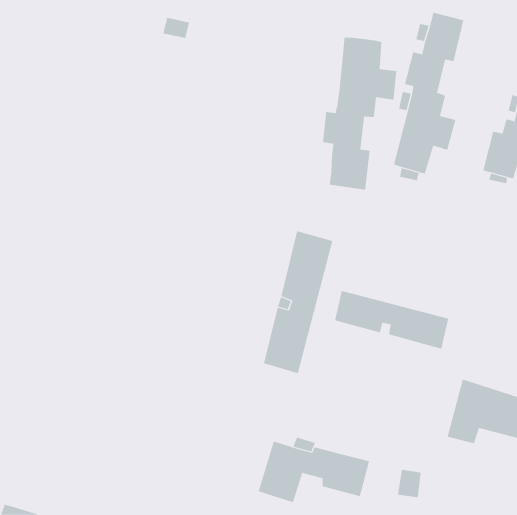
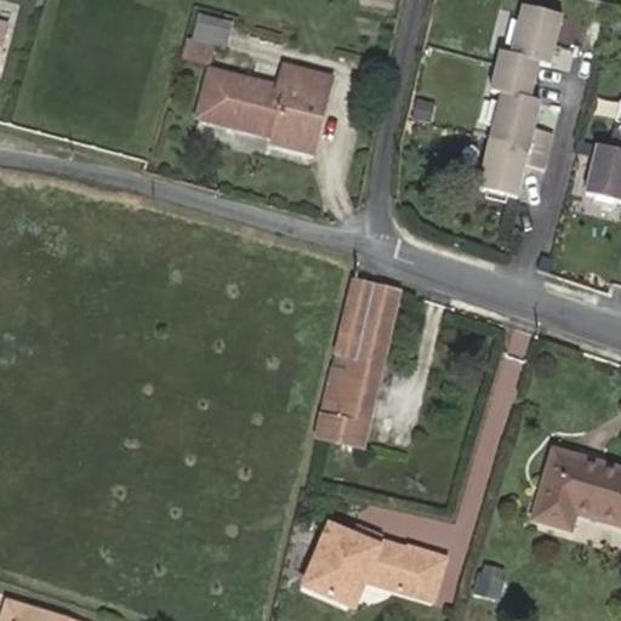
building: [322,37,397,190] -> none
building: none -> [203,67,334,152]
building: [334,290,449,349] -> none

